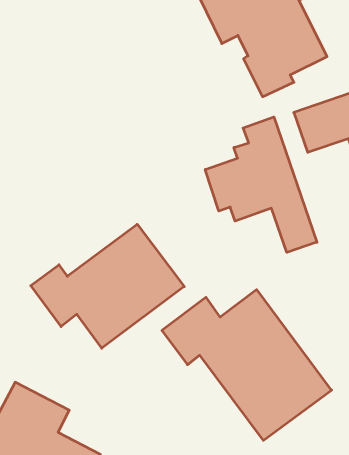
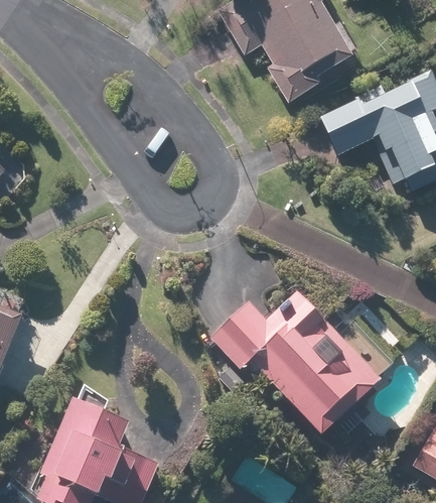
building: [205,117,317,252] -> none
building: [31,224,184,348] -> none

